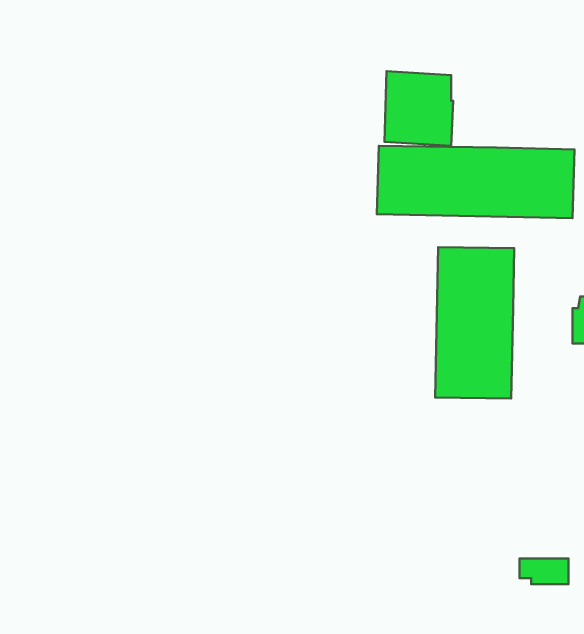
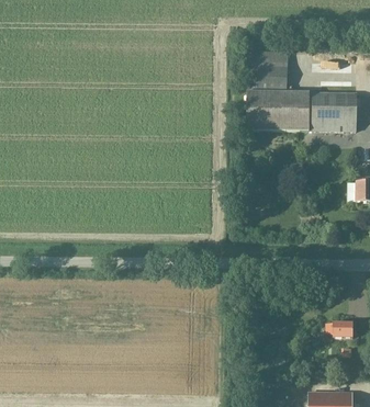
building: [435,247,514,399] -> none

